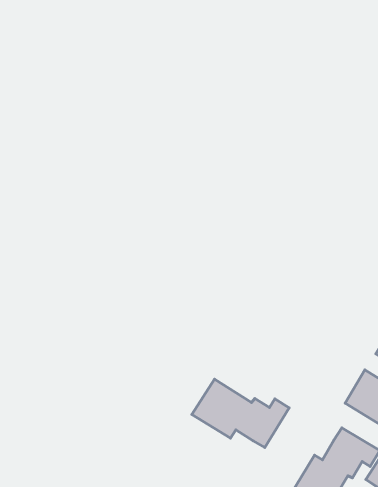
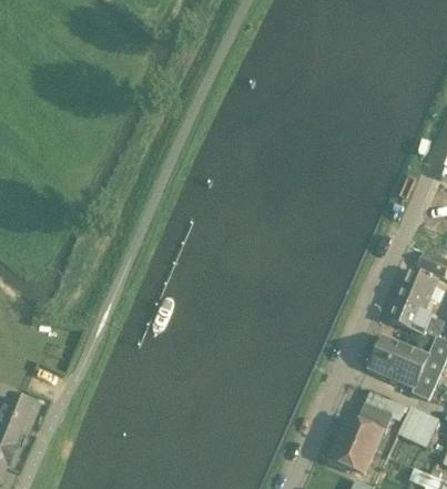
building: [192,379,289,448] -> none

